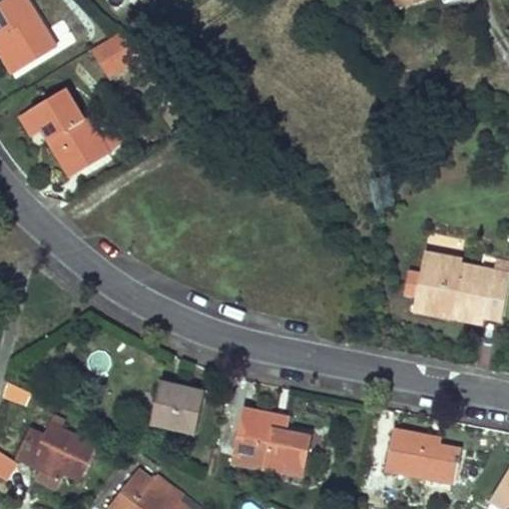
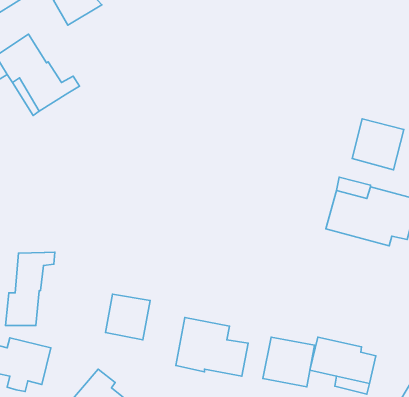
building: none -> [352,119,404,170]
building: none -> [6,252,55,326]
building: none -> [263,337,314,387]

